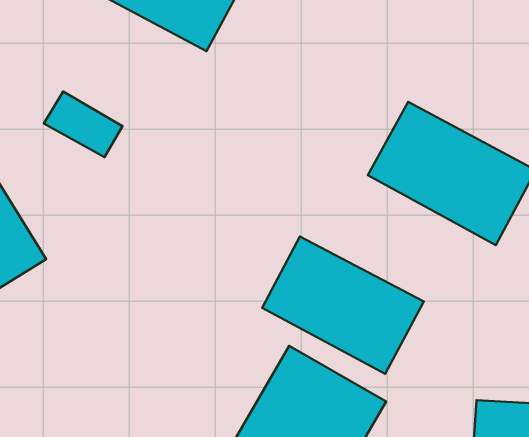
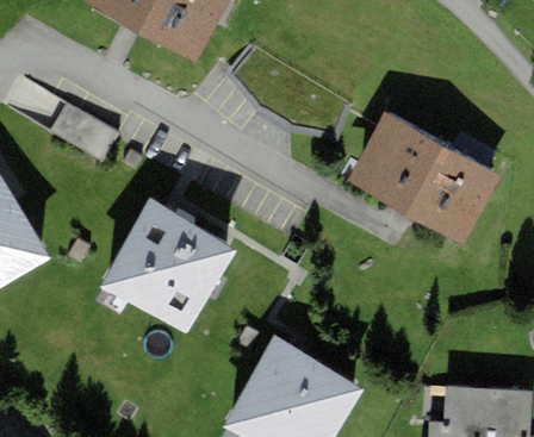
building: none -> [101,200,235,332]
building: [262,236,424,374] -> none

